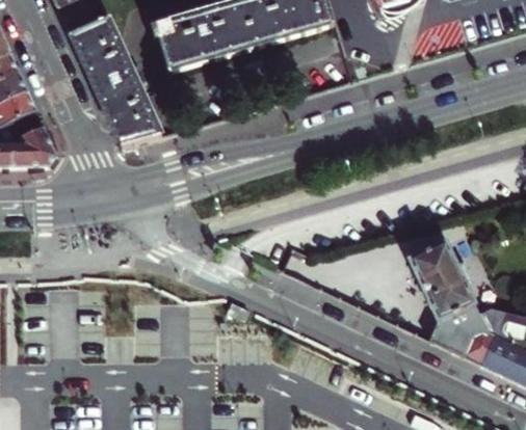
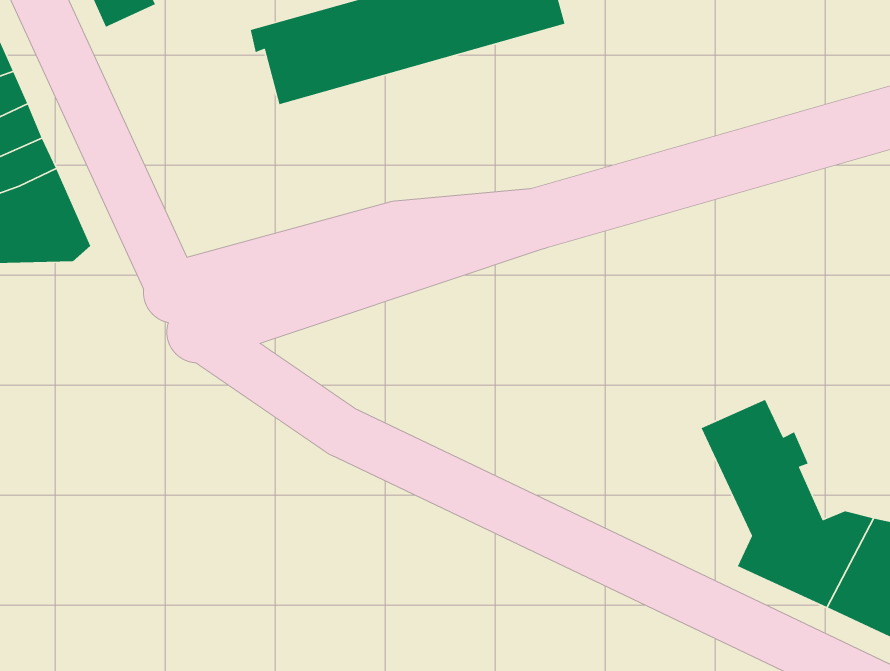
building: [68,15,158,146] -> none

